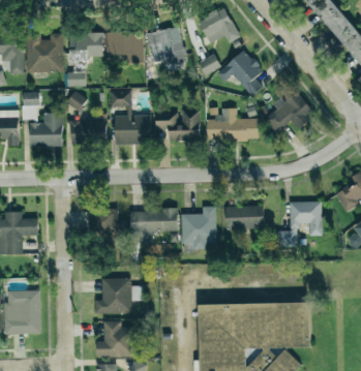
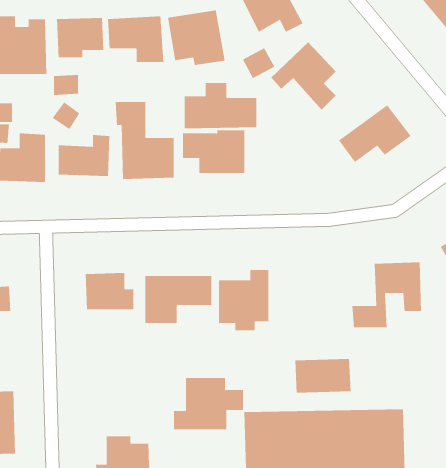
building: [207,109,258,141] -> [184,82,257,129]
building: [224,206,264,229] -> [294,359,351,393]
building: [94,278,143,314] -> [173,378,244,430]

